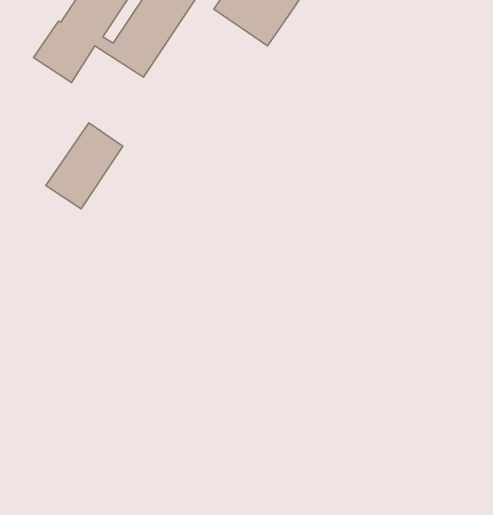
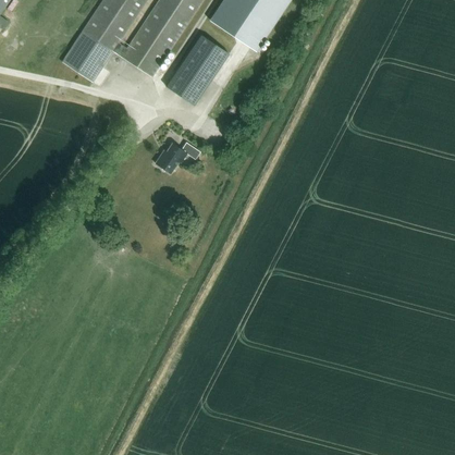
building: [46,123,123,209] -> [165,33,230,104]
building: none -> [155,142,201,173]

